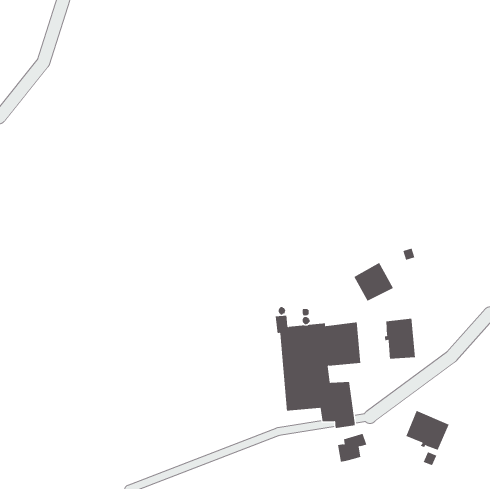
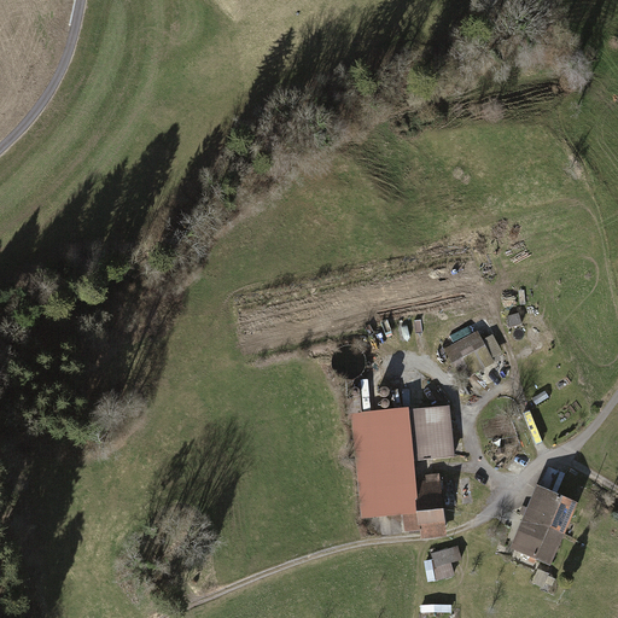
building: [385,318,416,360] -> none
building: none -> [523,484,578,534]

